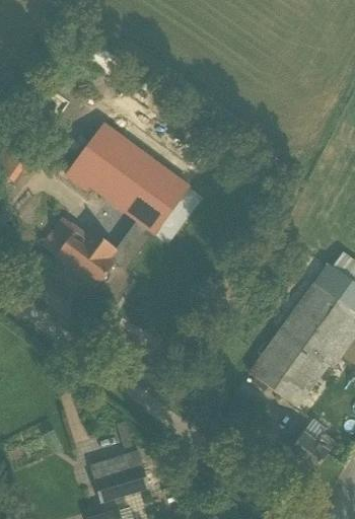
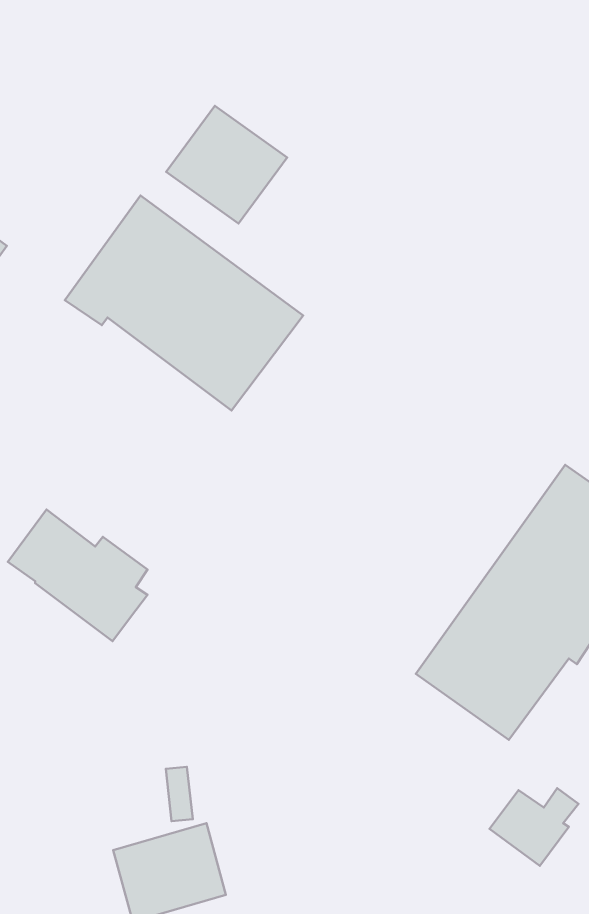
building: none -> [166,106,287,223]
building: [43,217,116,286] -> [8,510,147,641]

